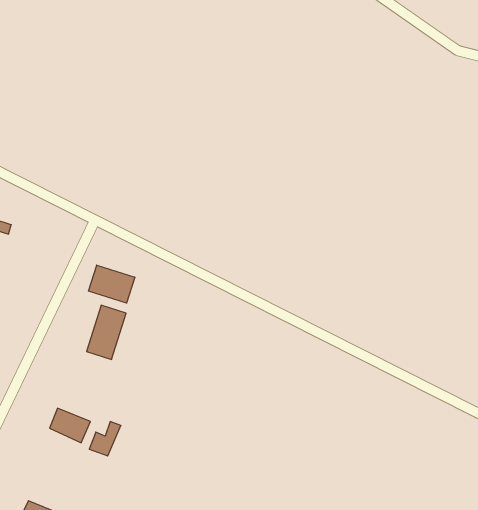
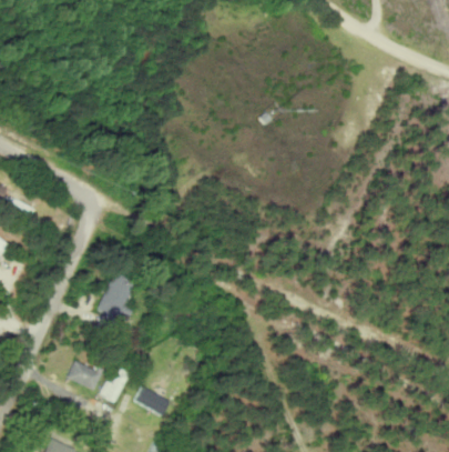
building: [89,265,135,303] -> none
building: none -> [135,386,171,415]

